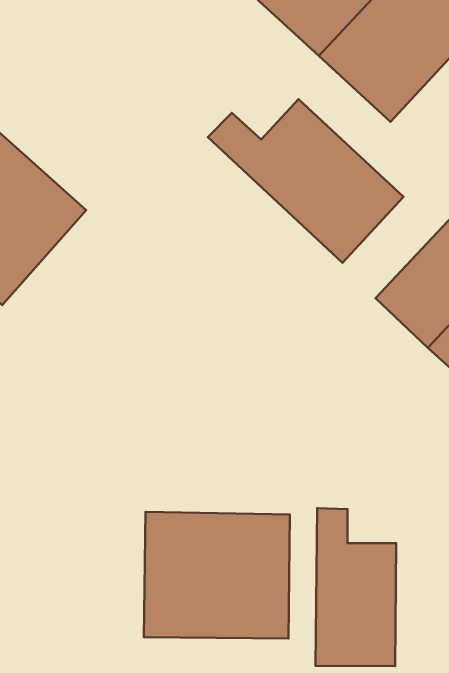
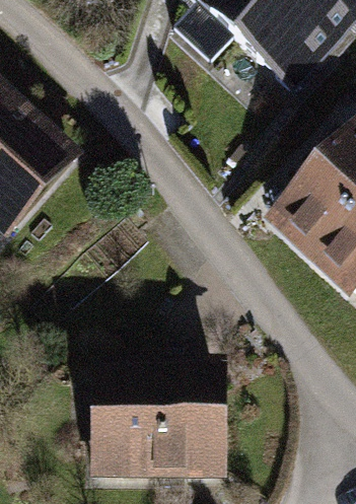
building: [208,99,404,263] -> none
building: [316,508,396,666] -> none

